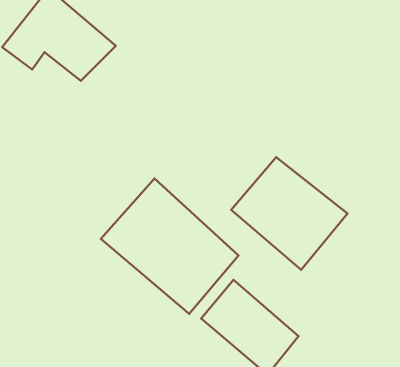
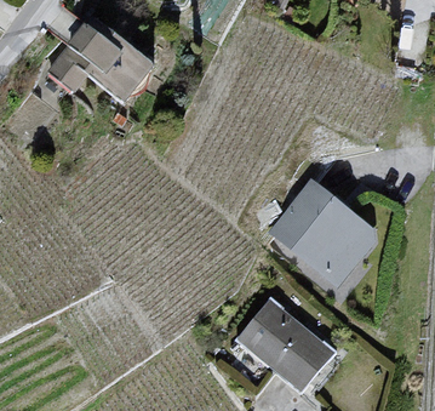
building: [101,179,239,314] -> none

